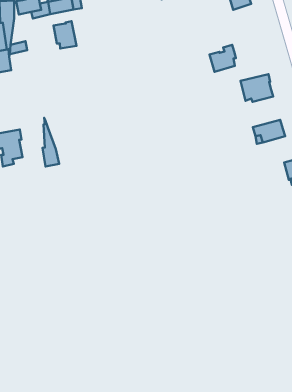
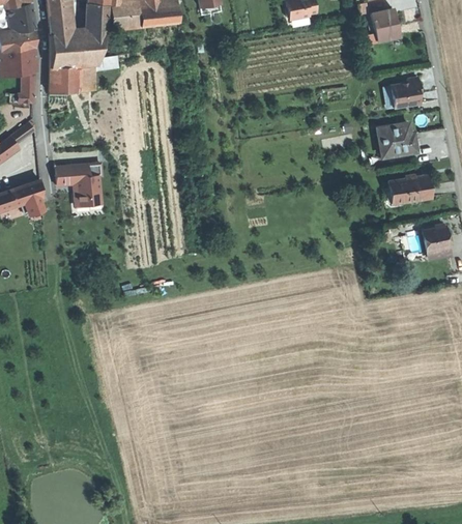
building: [54,21,76,49] -> none
building: [209,45,236,72] -> [389,76,422,107]
building: [42,118,59,166] -> none

